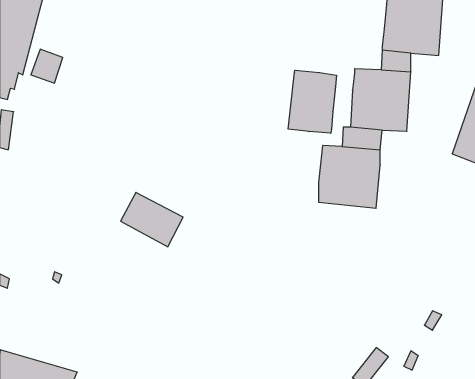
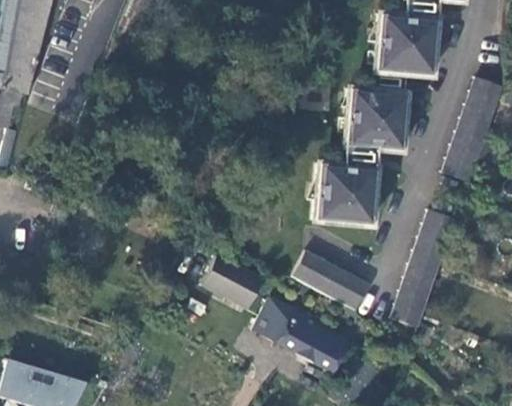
building: [288,70,336,133] -> none
building: [121,192,183,247] -> [199,255,260,308]
building: none -> [390,208,457,326]
building: none -> [295,252,370,311]
building: none -> [254,297,348,371]

